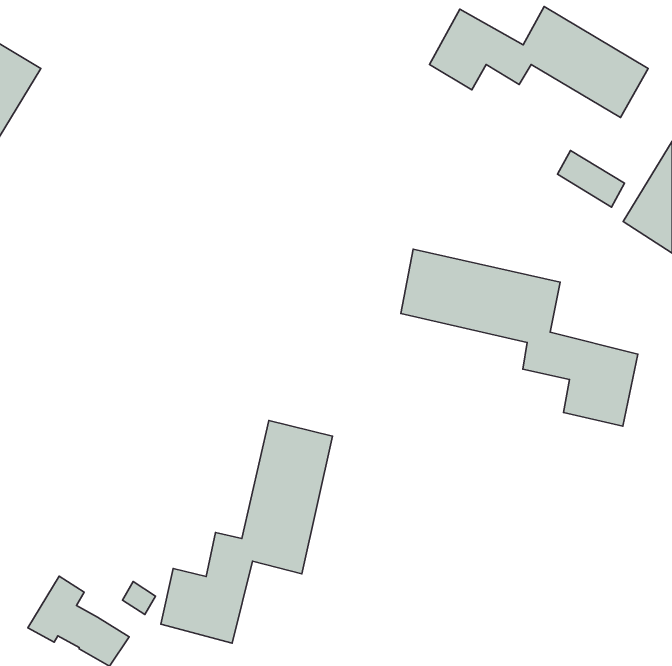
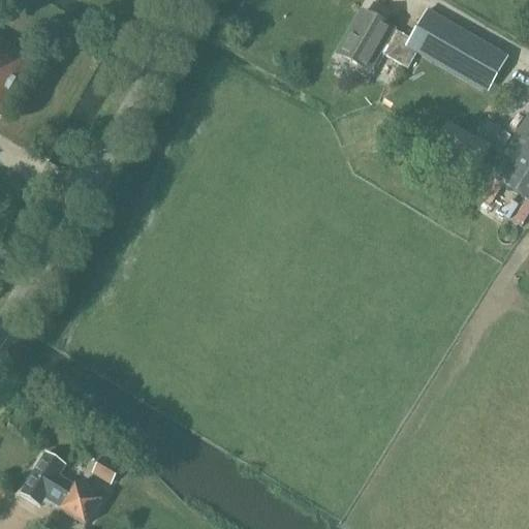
building: [401,249,638,426] -> none
building: [161,420,332,643] -> none

